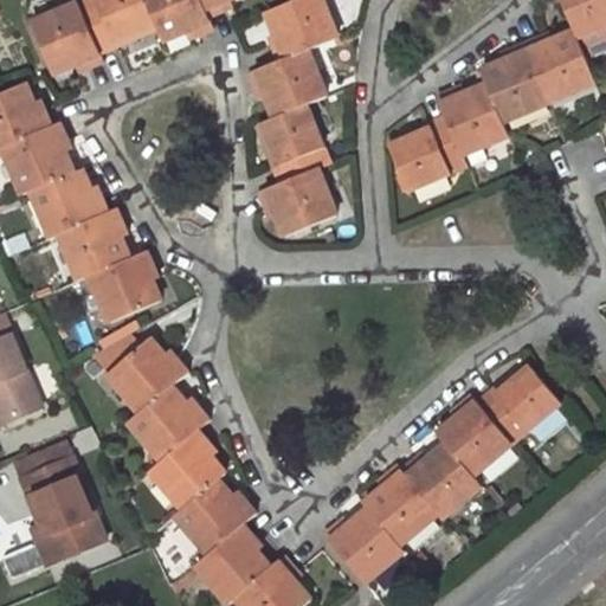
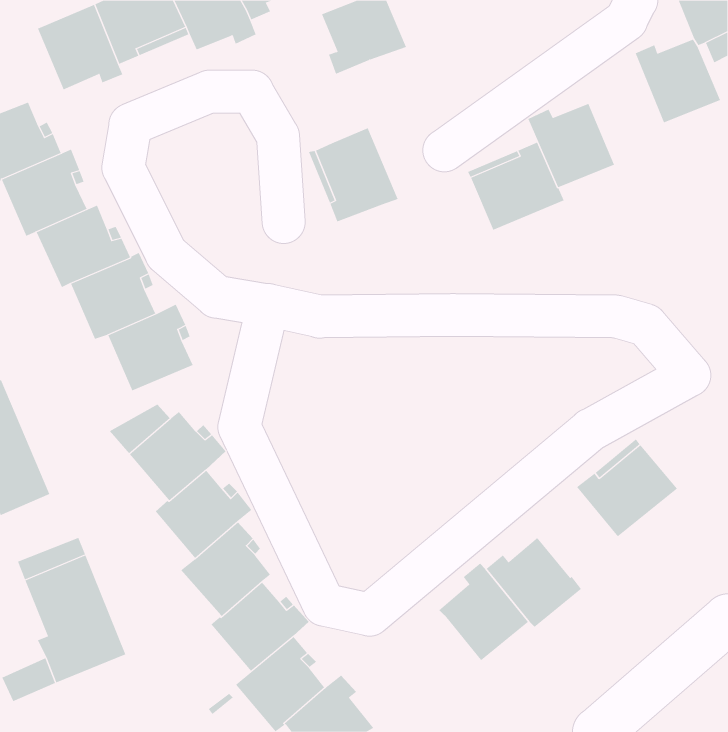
building: [481,44,548,122] -> none
building: [247,50,324,118] -> none
building: [258,169,335,237] -> none
building: [436,395,510,477] -> none
building: [323,509,402,584] -> none

